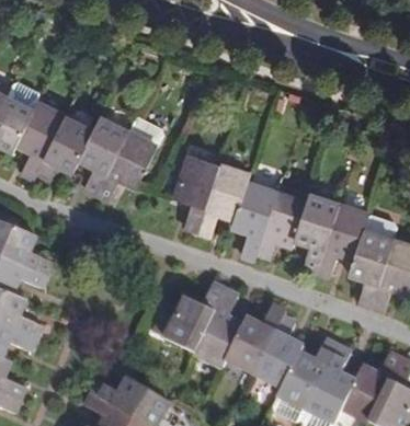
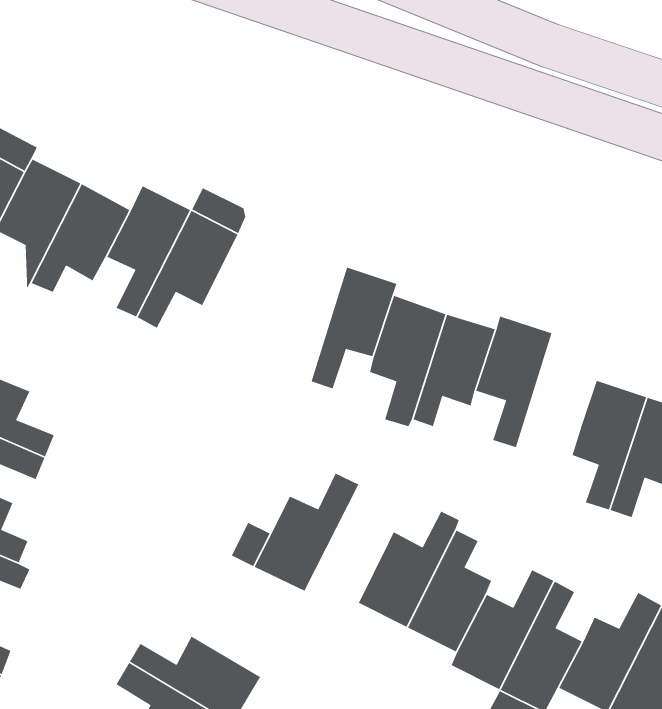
building: [175,154,219,231] -> none
building: [318,203,369,274] -> none
building: [195,290,243,367] -> none

